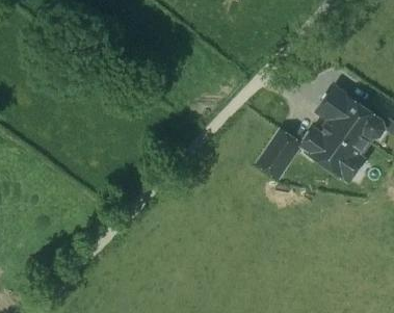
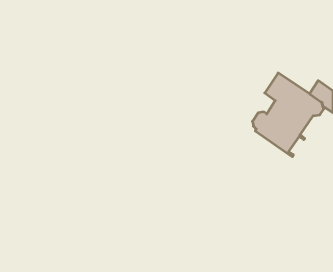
building: [257,132,298,178] -> none

